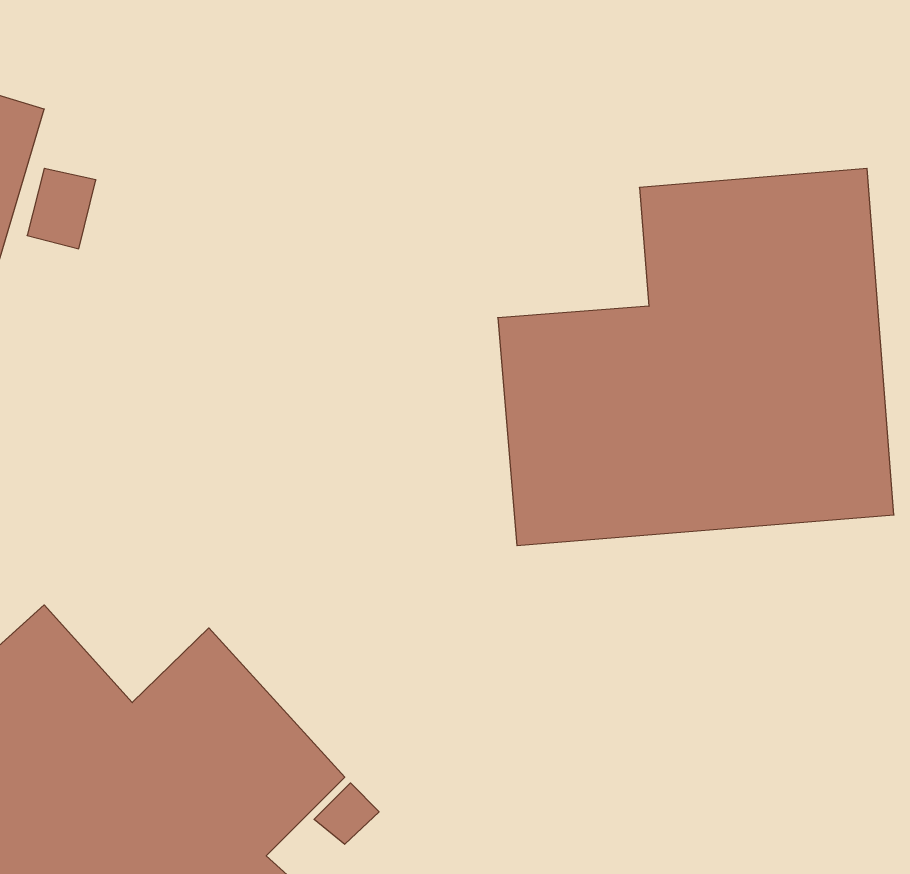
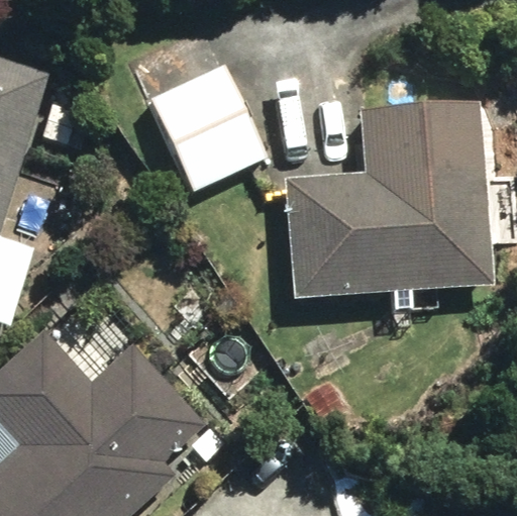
building: none -> [150,64,267,190]

